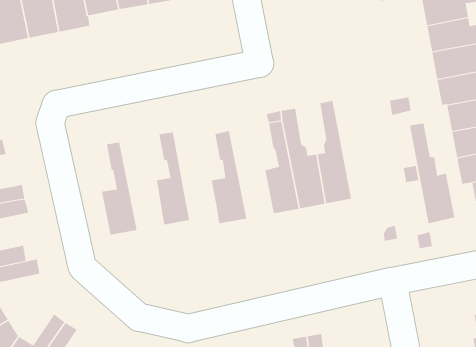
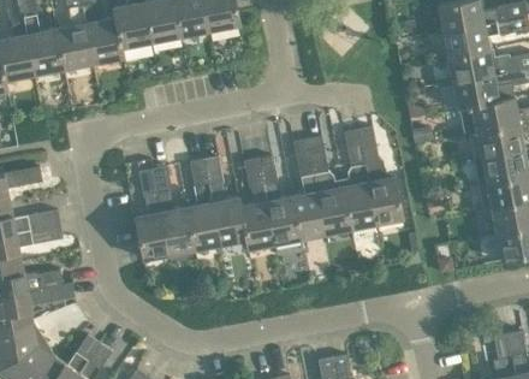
building: [409,123,455,224] -> [357,128,402,225]
building: none -> [257,156,299,244]
building: none -> [203,158,245,245]
building: none -> [151,167,194,255]

